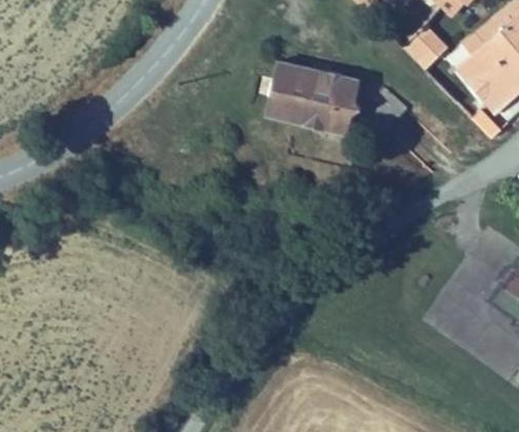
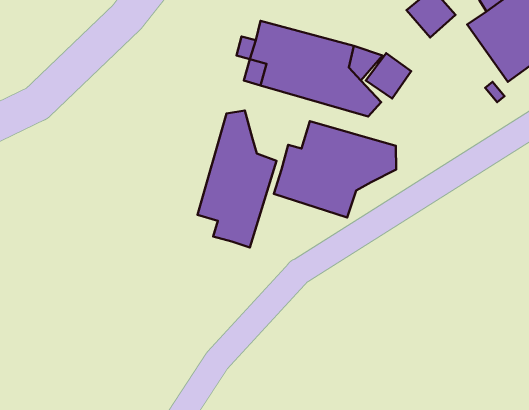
building: none -> [197,110,277,247]
building: none -> [274,121,396,217]

